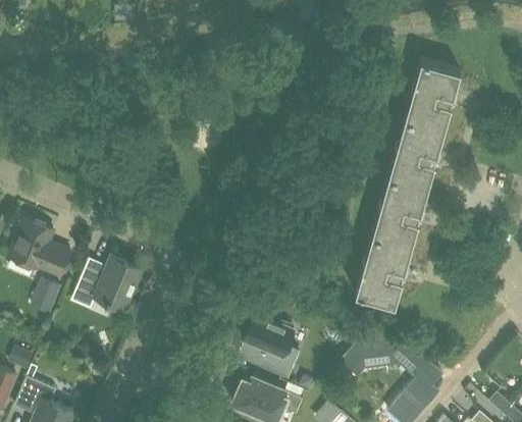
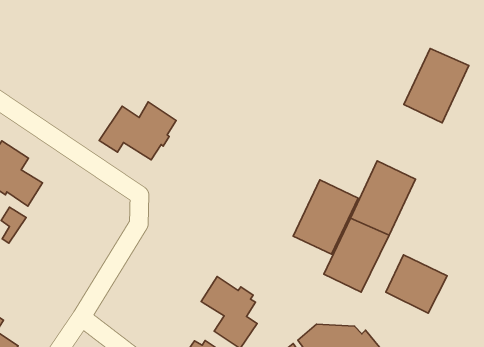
building: [388,118,445,188] -> [293,180,358,254]
building: [71,255,142,310] -> [99,102,176,160]
building: none -> [386,255,447,313]

